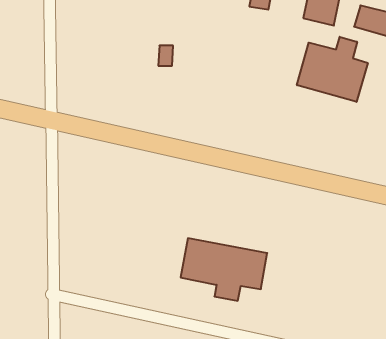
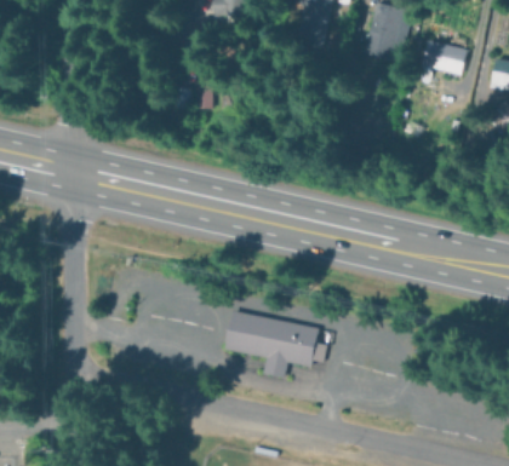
building: [297,37,368,102] -> none

